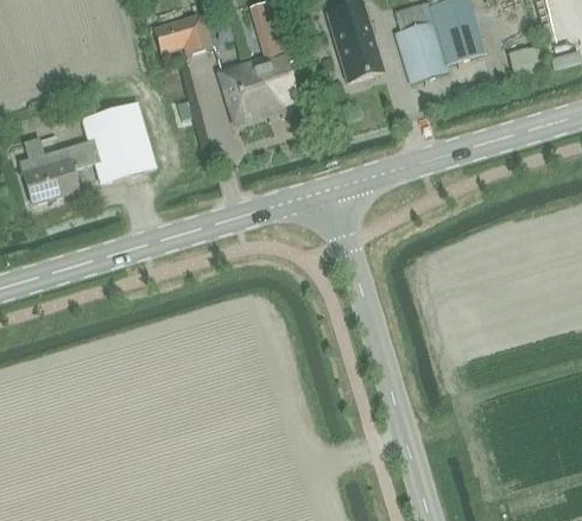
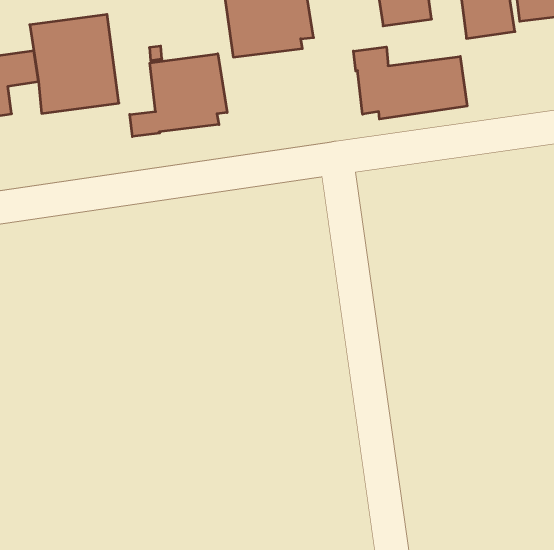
building: none -> [353,47,467,119]
building: none -> [130,54,227,137]

